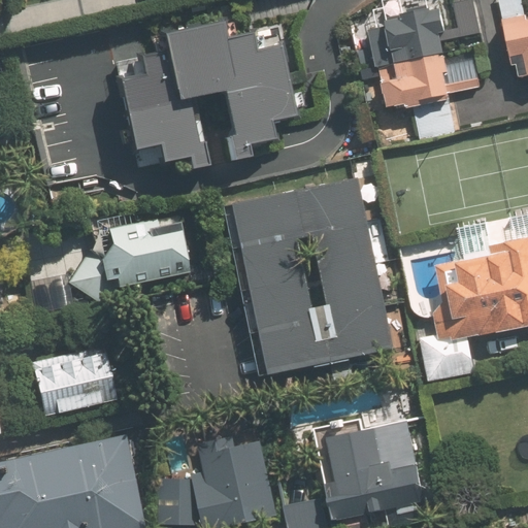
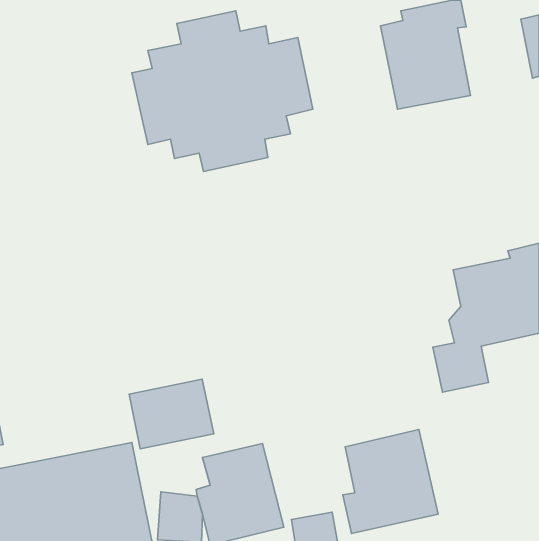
building: [236,180,390,373] -> none
building: [63,222,187,302] -> none
building: [32,349,113,416] -> [129,379,214,449]

